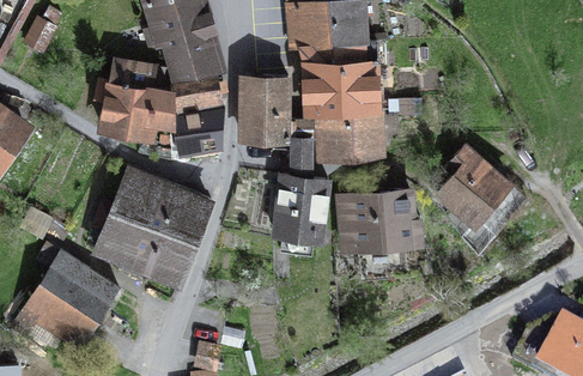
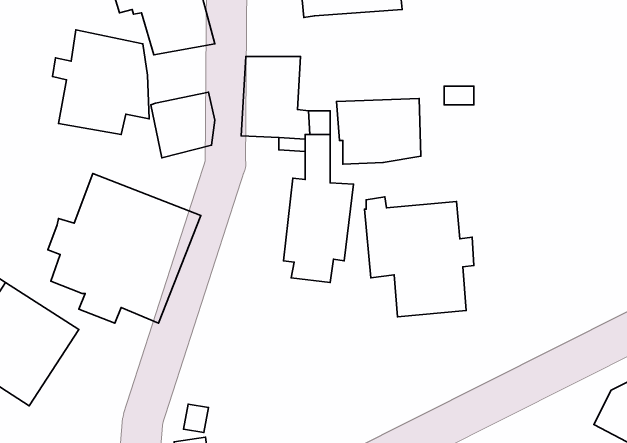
building: [299,40,379,111] -> none
building: [171,71,224,113] -> none
building: [437,144,524,251] -> none

